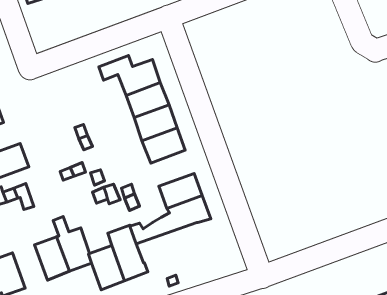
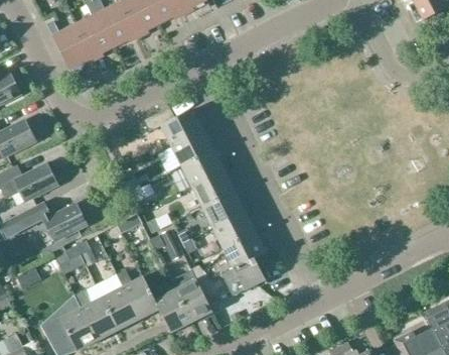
building: none -> [203,191,250,228]
building: none -> [198,258,265,303]
building: none -> [74,288,118,340]

